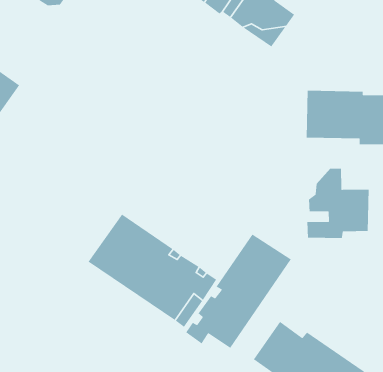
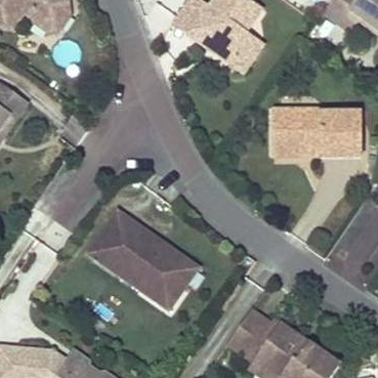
building: [306,168,370,239] -> none
building: [185,233,292,349] -> none

